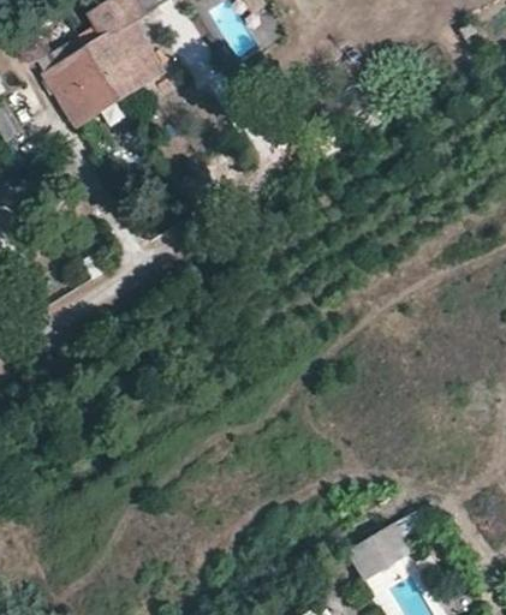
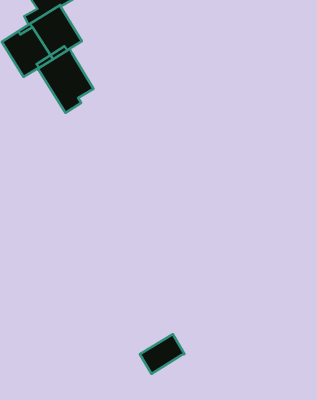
building: none -> [37,49,93,113]
building: [347,521,412,579] -> [140,334,184,374]

